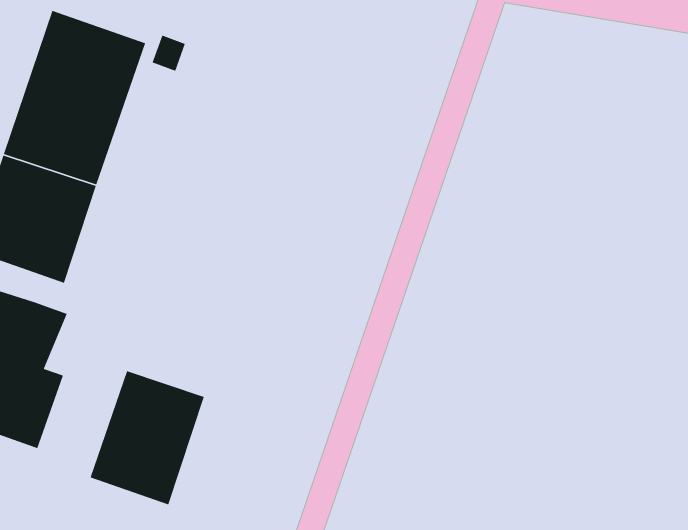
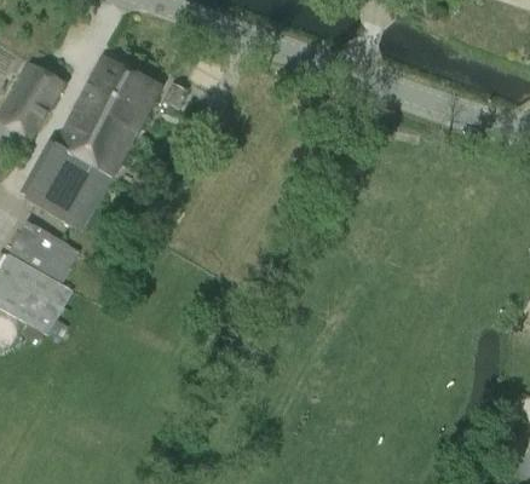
building: [89,370,205,505] -> none

